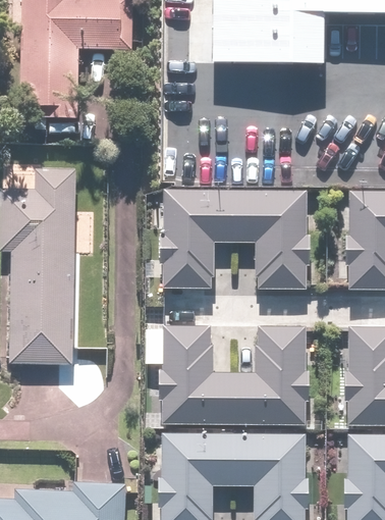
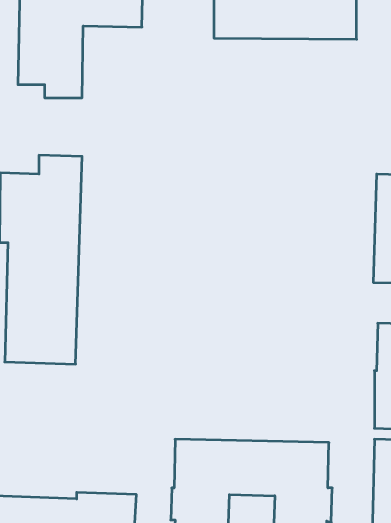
building: [159,188,310,291] -> none
building: [161,324,310,424] -> none

